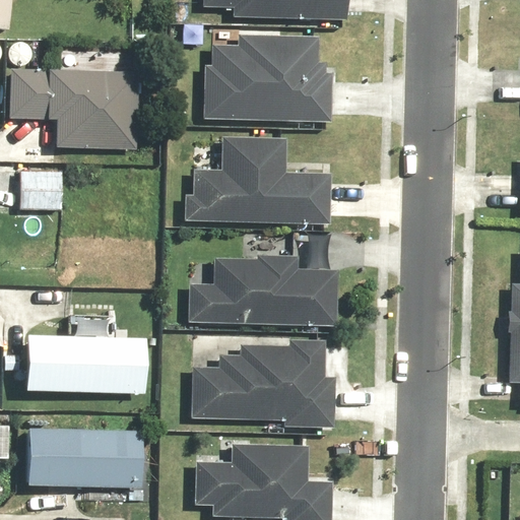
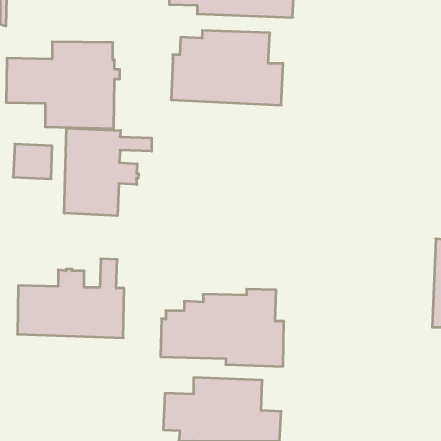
building: [185,137,331,225] -> none
building: none -> [64,128,152,216]
building: [189,254,339,326] -> none
building: [26,427,154,500] -> none

